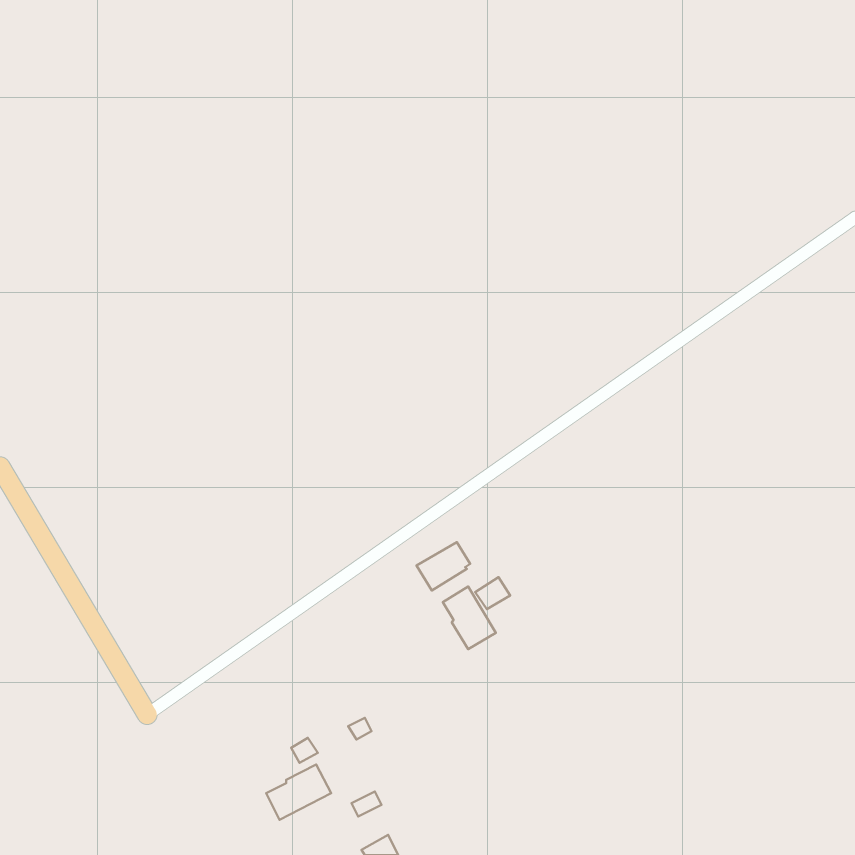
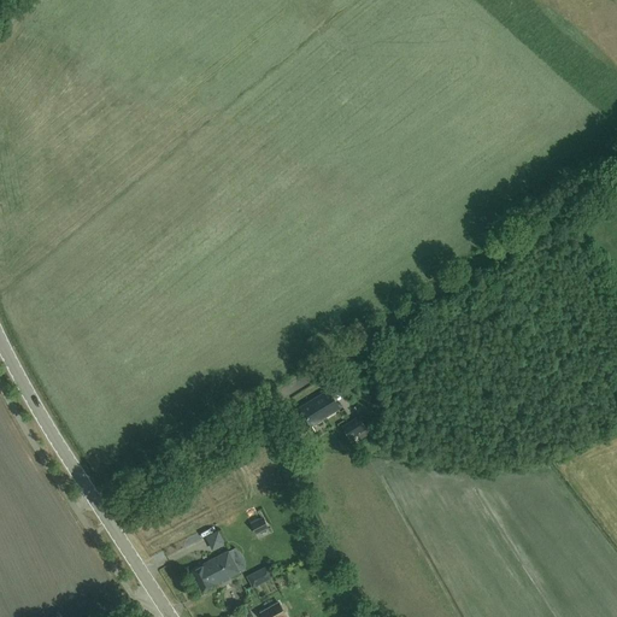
building: [443,587,496,649] -> none

